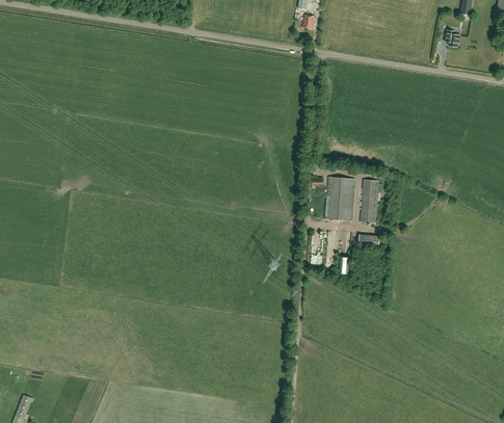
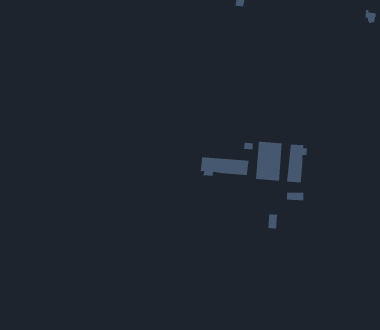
building: none -> [200,157,249,176]

